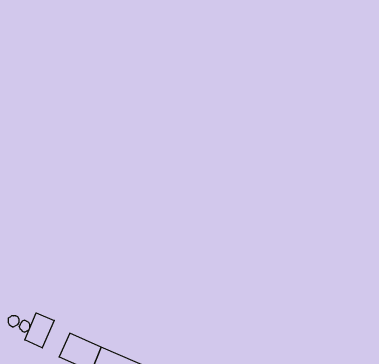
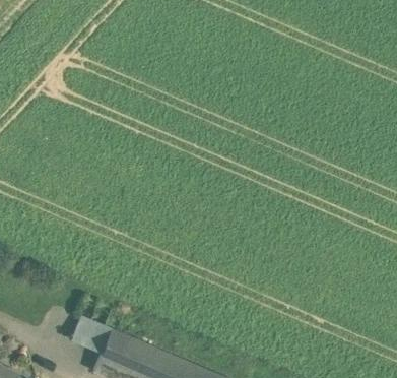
building: [25,313,54,348] -> none

